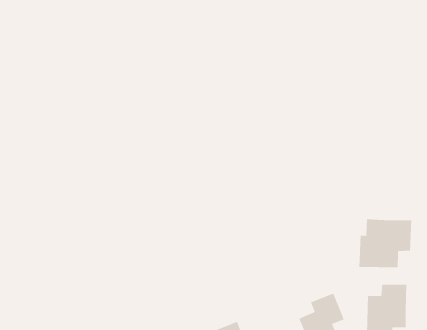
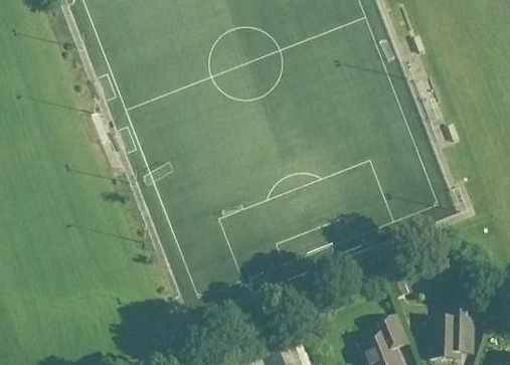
building: [359,219,412,268] -> none

